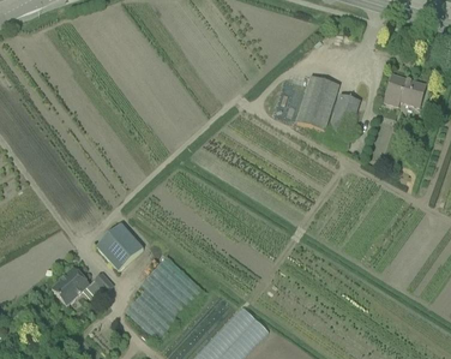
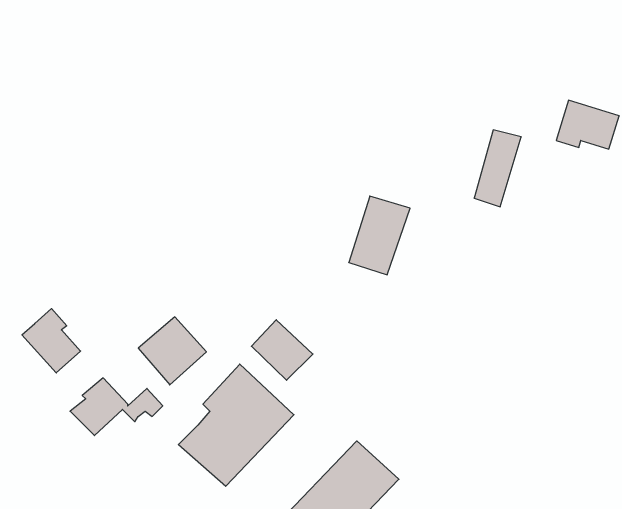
building: [296,74,338,128] -> [349,196,410,275]
building: none -> [22,309,81,373]
building: none -> [251,320,313,380]

